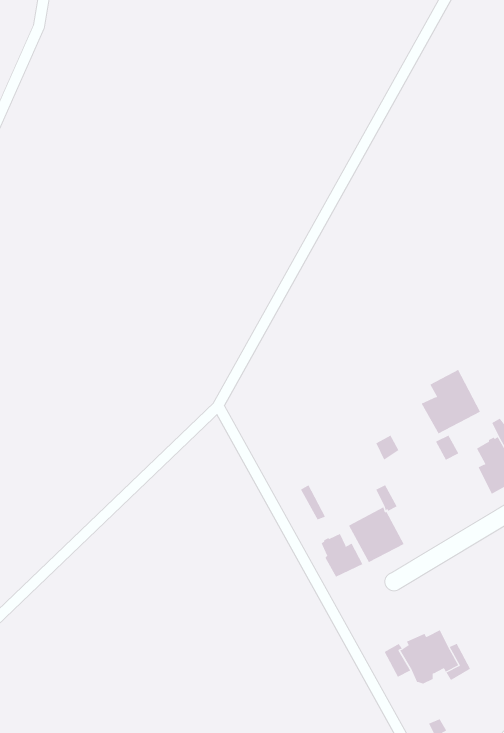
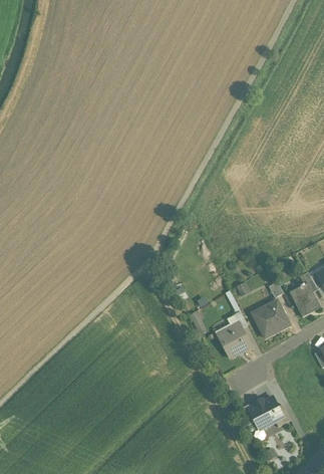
building: [421,369,481,434] -> [255,298,290,336]
building: [321,533,363,577] -> none

